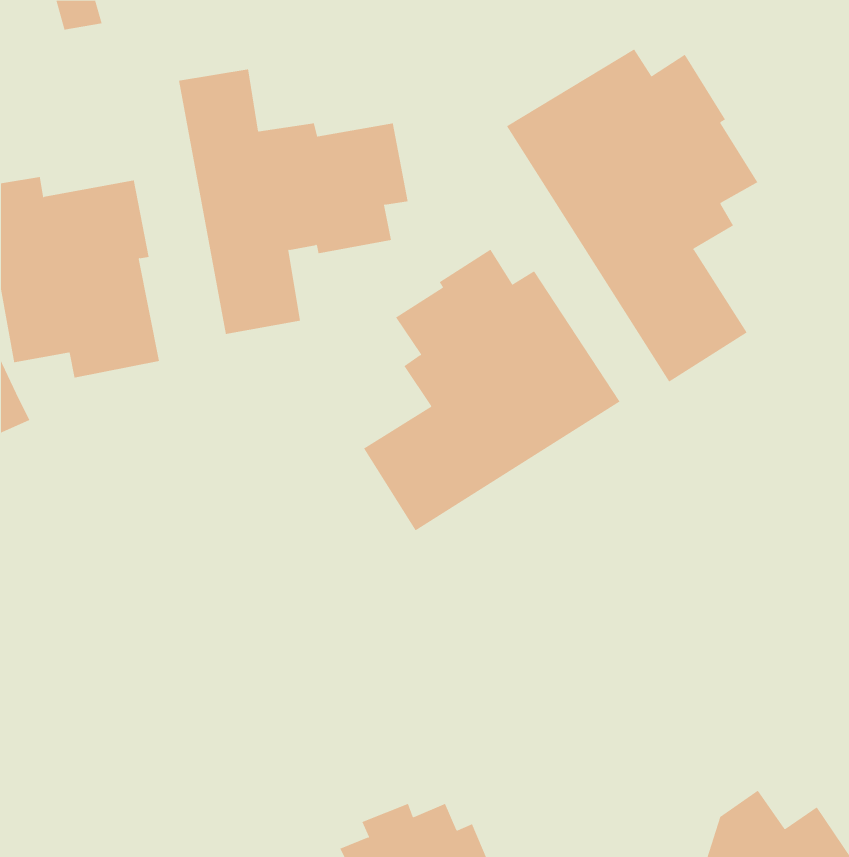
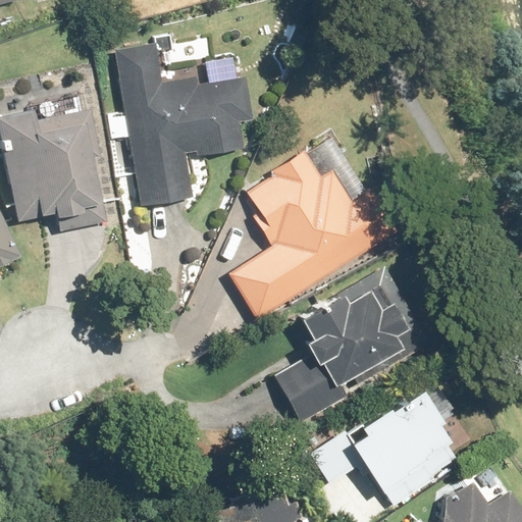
building: [506,49,758,383] -> none
building: none -> [270,270,423,421]
building: none -> [307,388,454,508]

